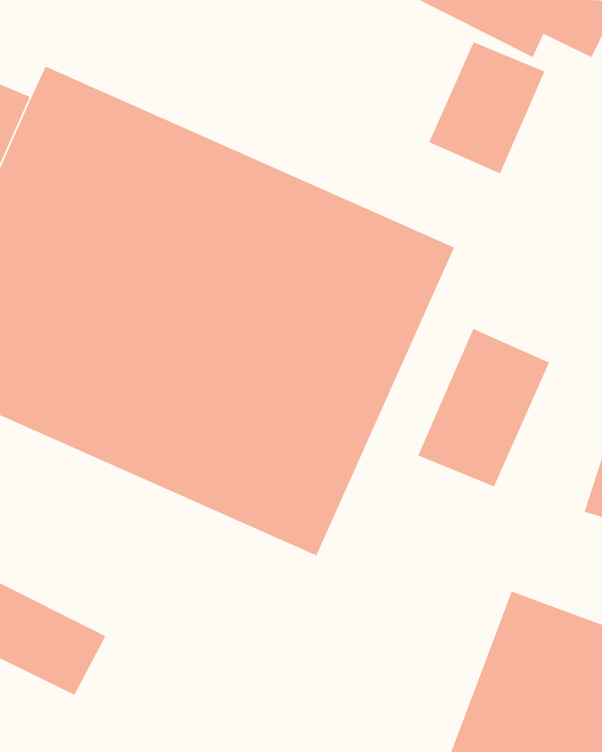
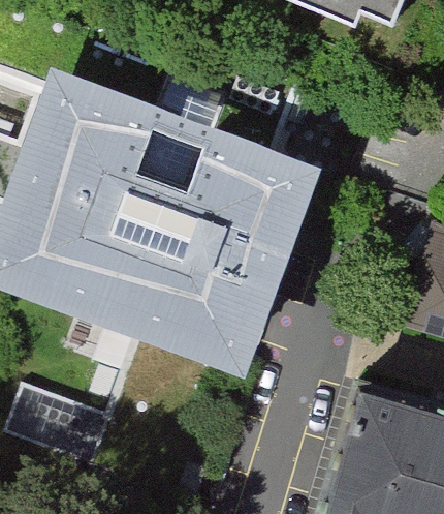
building: [428,41,545,175] -> none
building: [417,328,550,488] -> none

